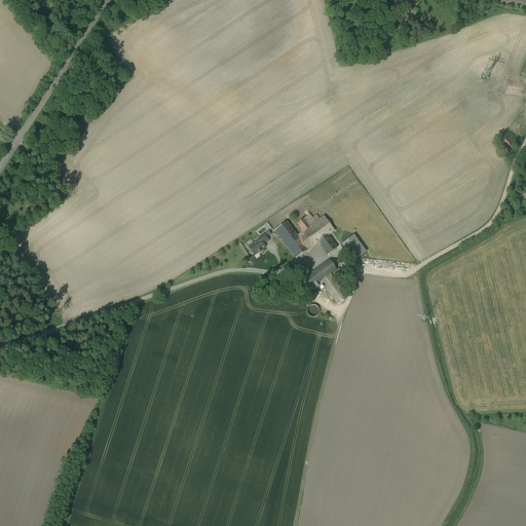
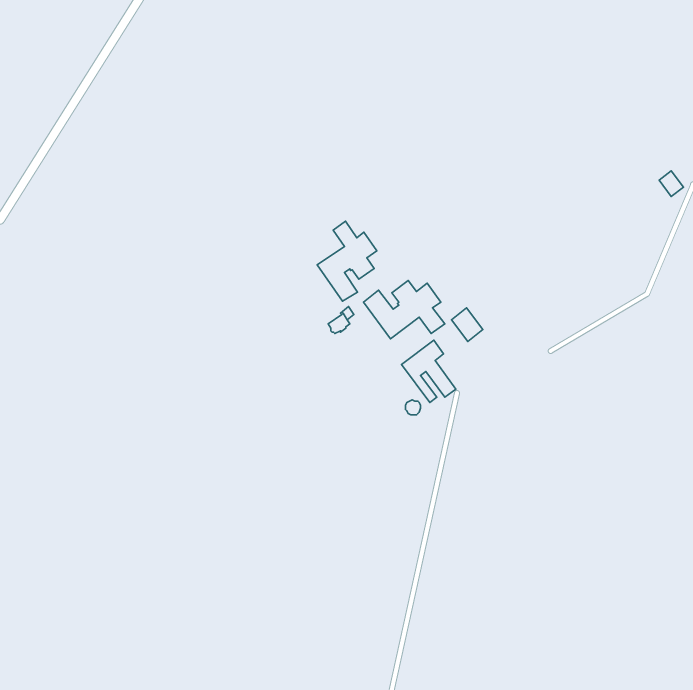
building: none -> [317,221,377,301]

